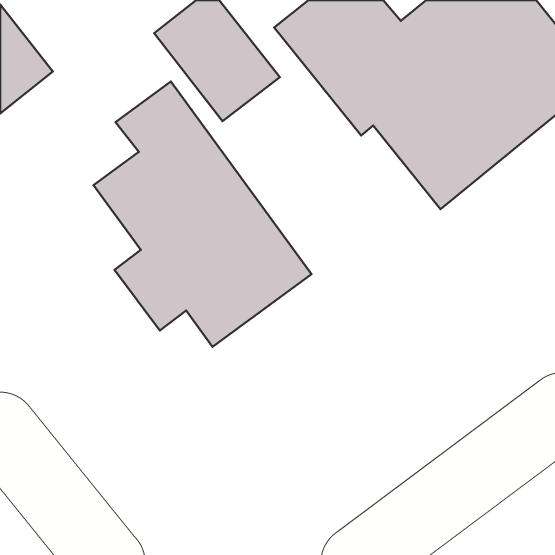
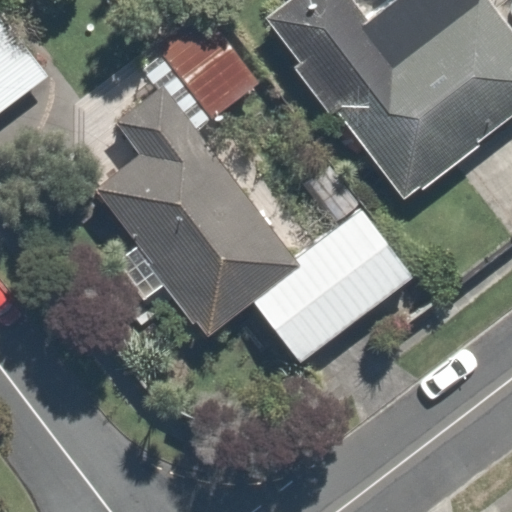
building: none -> [244,169,420,367]

